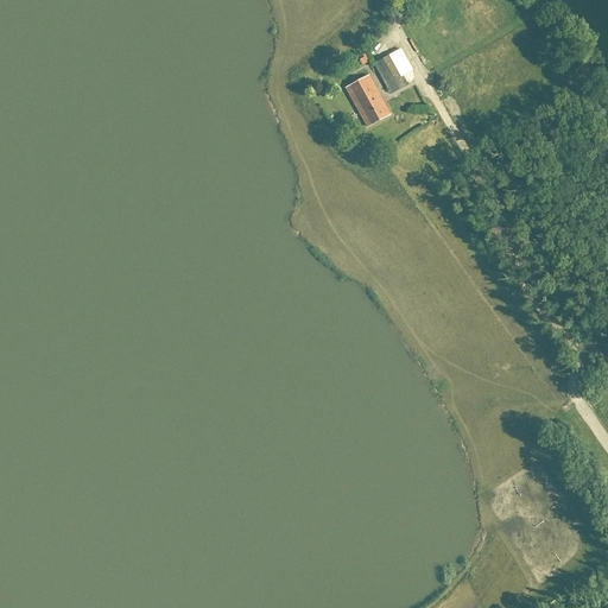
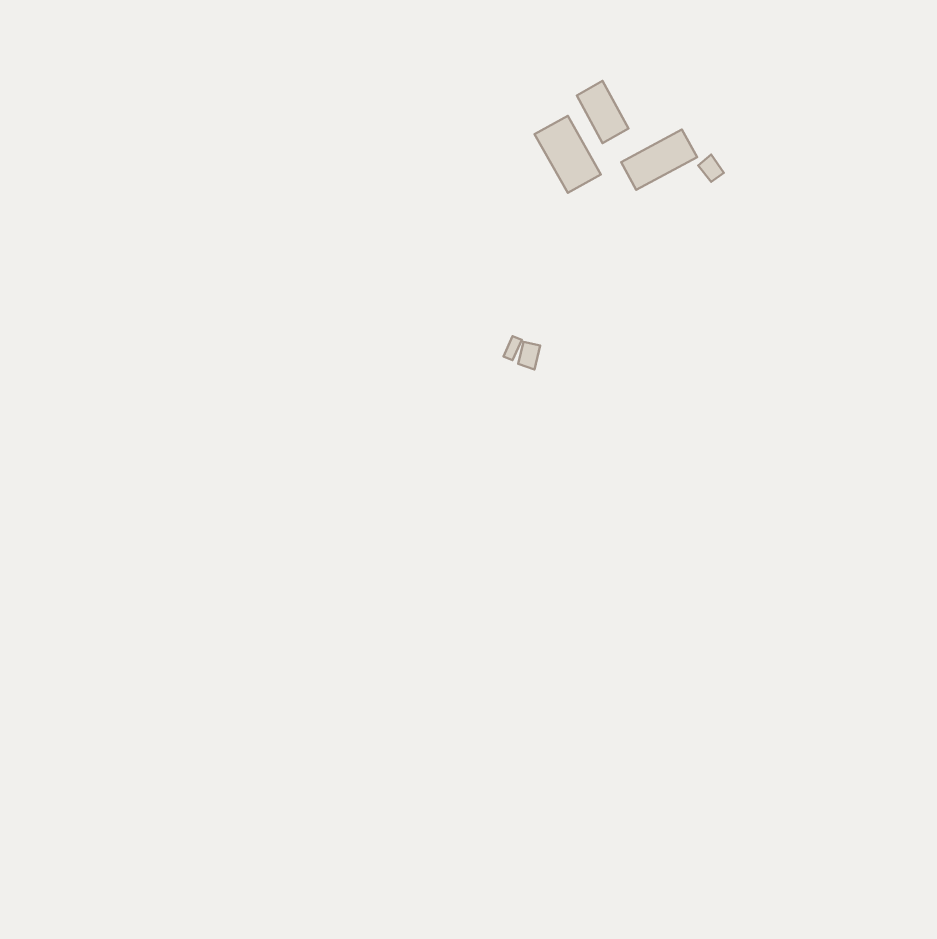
building: none -> [621,129,697,190]

